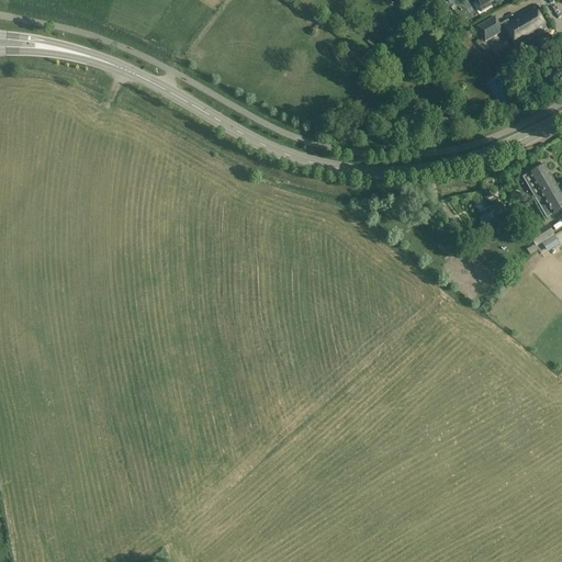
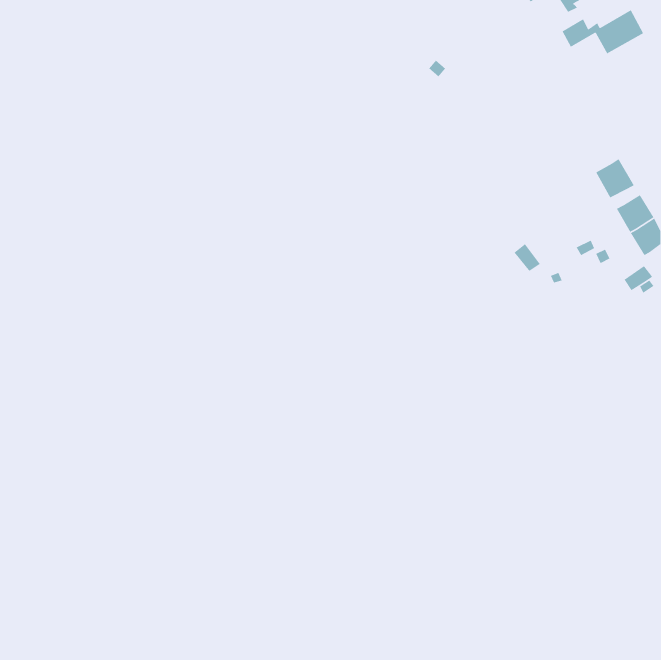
building: none -> [595,158,635,199]

